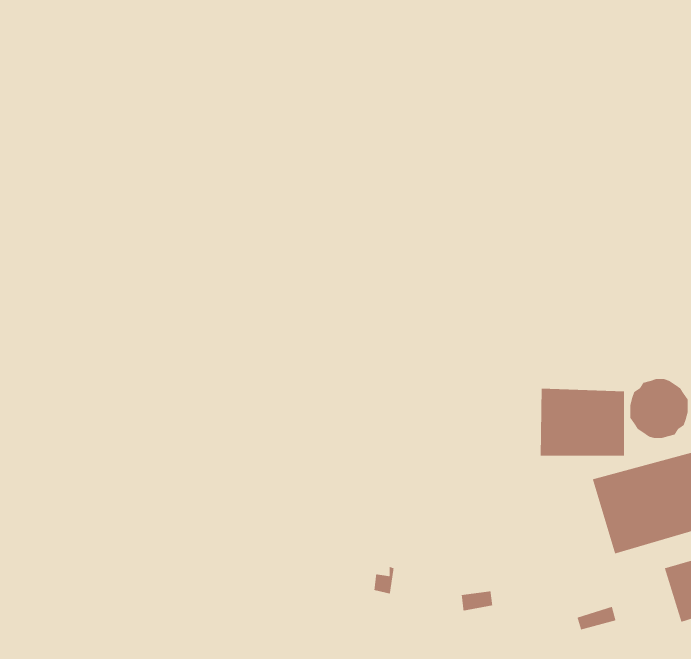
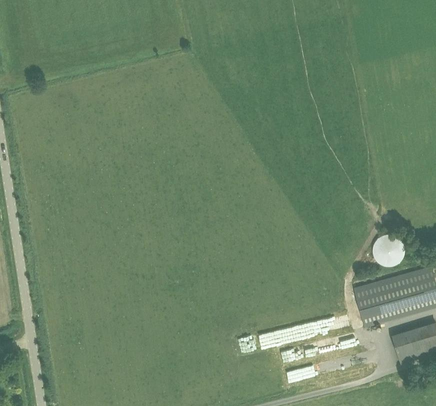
building: [540,388,625,456] -> none

